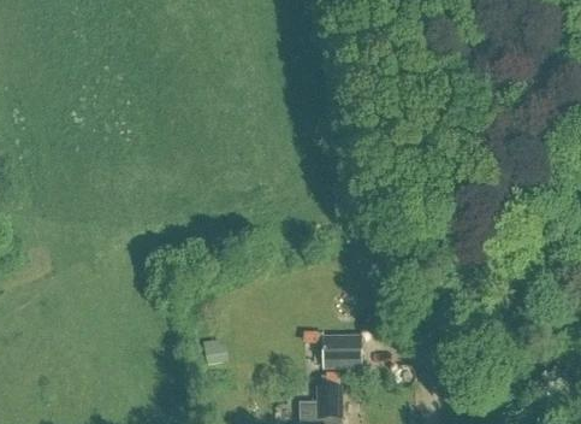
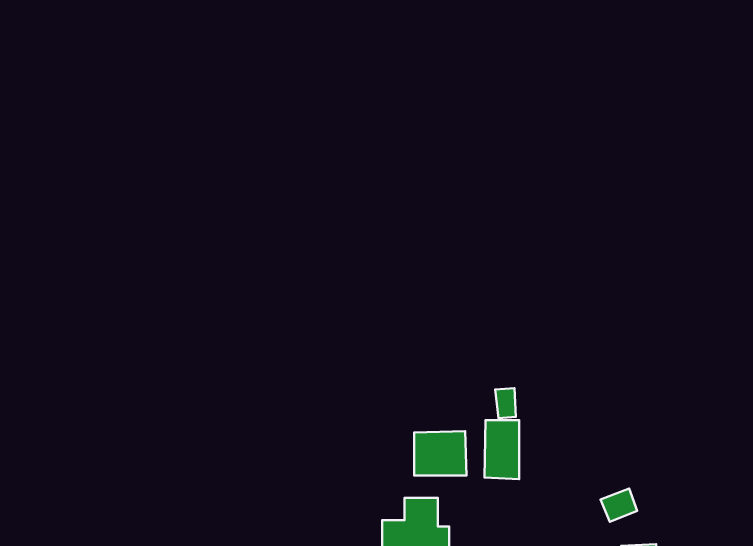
building: none -> [484,420,519,479]

